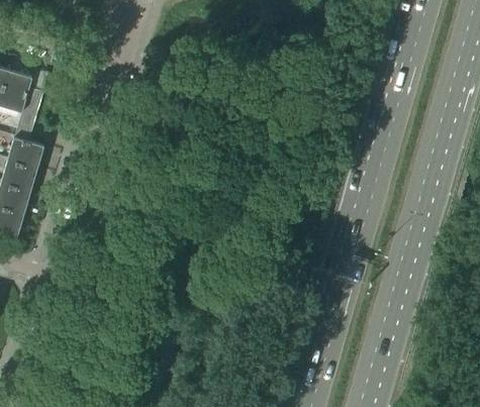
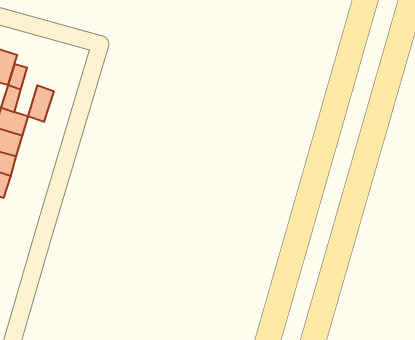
building: none -> [28,85,54,122]

